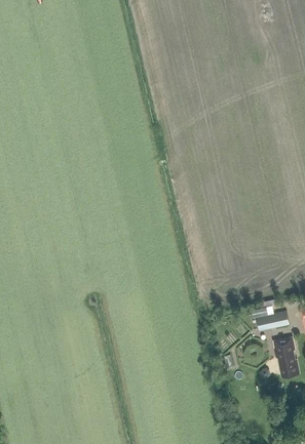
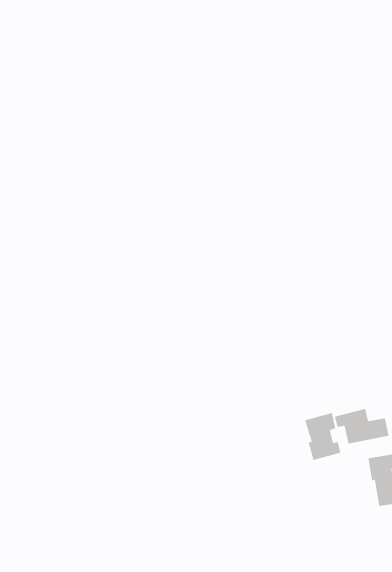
building: none -> [304,412,341,461]

